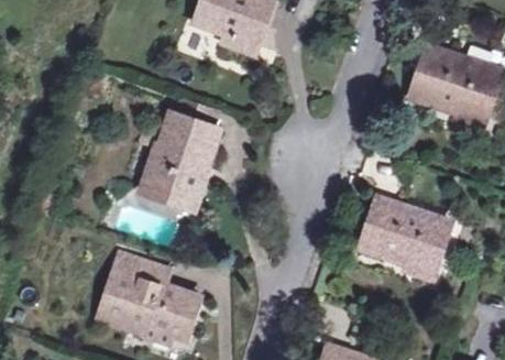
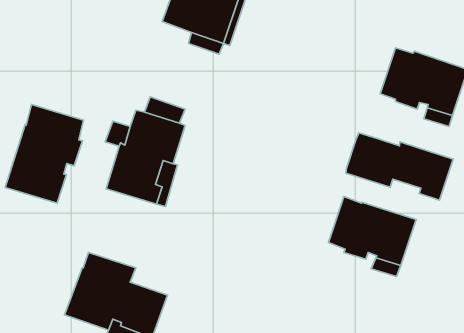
building: none -> [5,104,83,203]
building: none -> [346,133,453,200]

